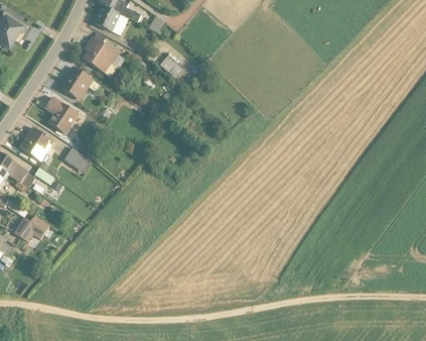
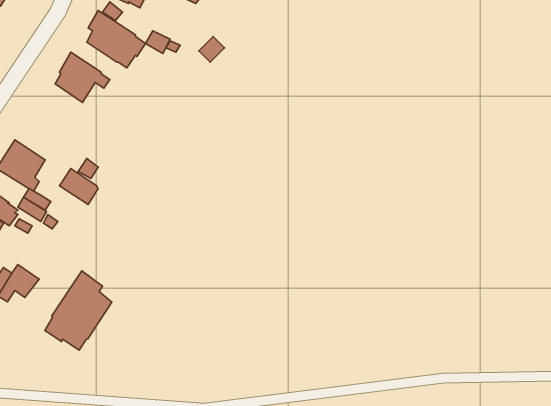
building: [44,95,79,133] -> none
building: none -> [45,271,112,350]

